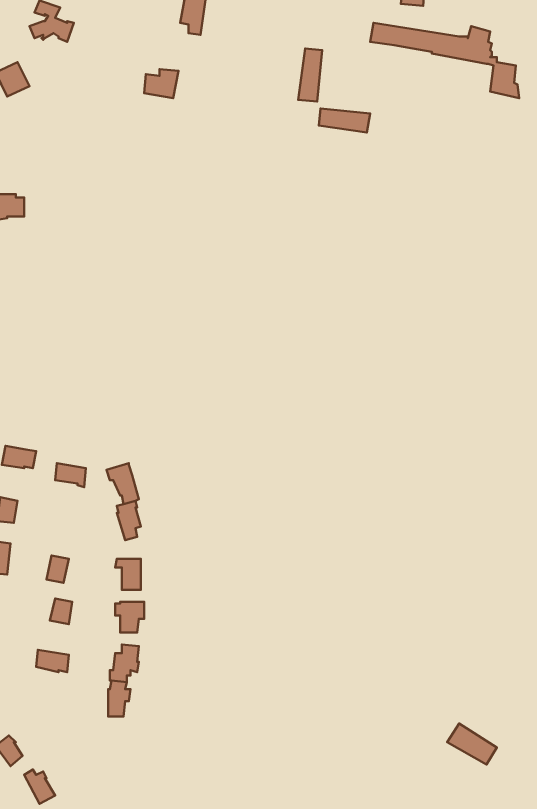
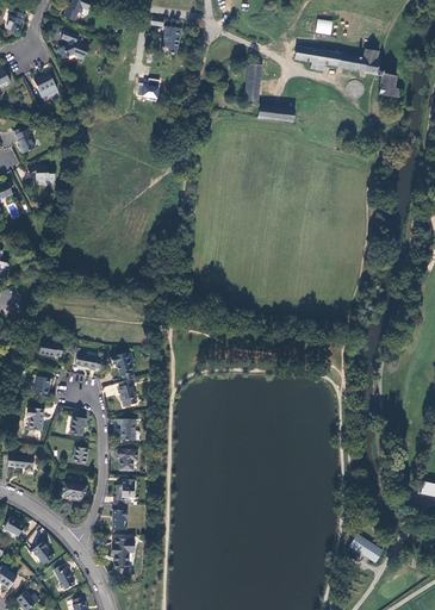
building: none -> [112,539,133,569]

